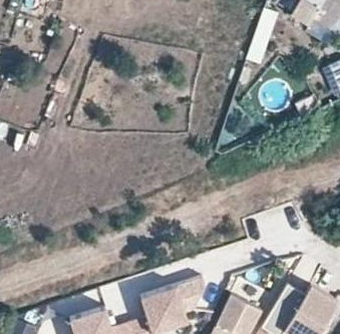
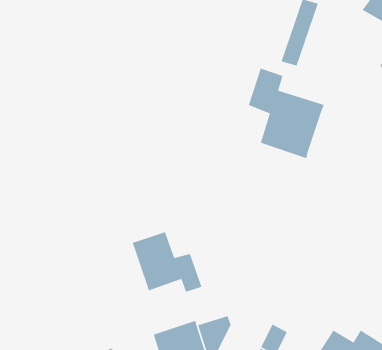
building: none -> [248,67,325,159]
building: none -> [131,231,202,293]

